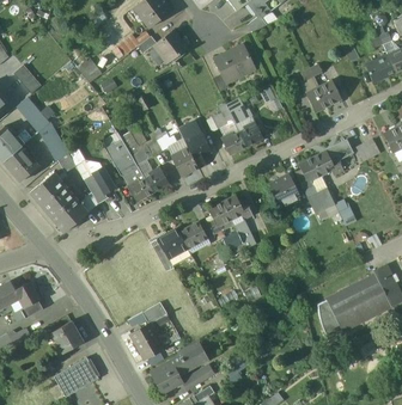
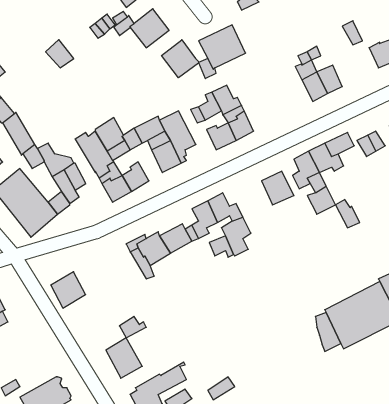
building: none -> [162,40,199,78]
building: [51,320,83,352] -> [51,272,86,308]

